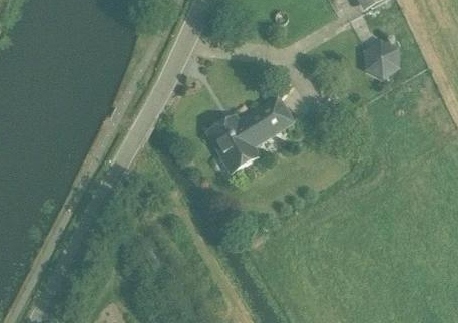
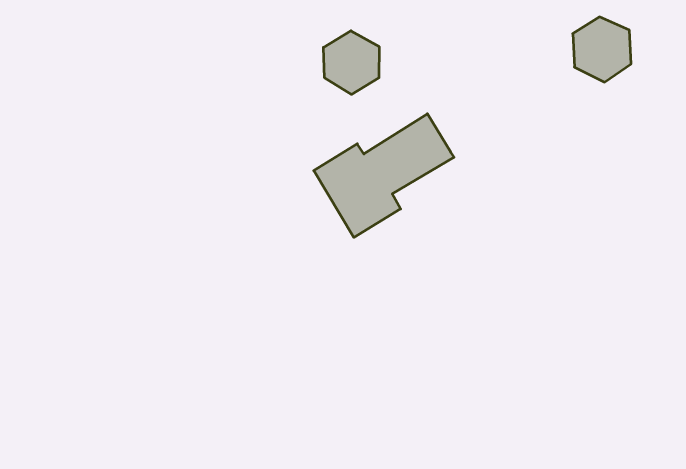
building: none -> [323,31,379,94]

